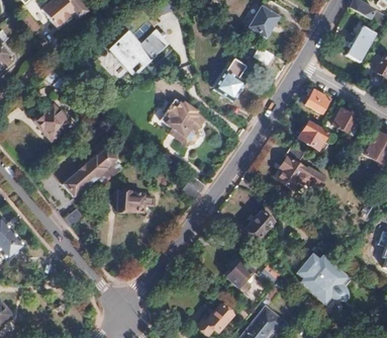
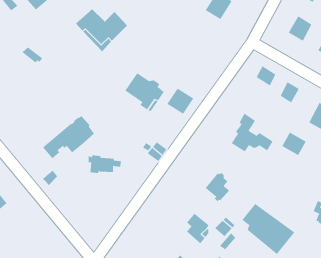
building: [214,69,246,99] -> [166,88,194,115]
building: [37,104,70,138] -> none
building: [301,121,329,149] -> [281,132,306,156]

